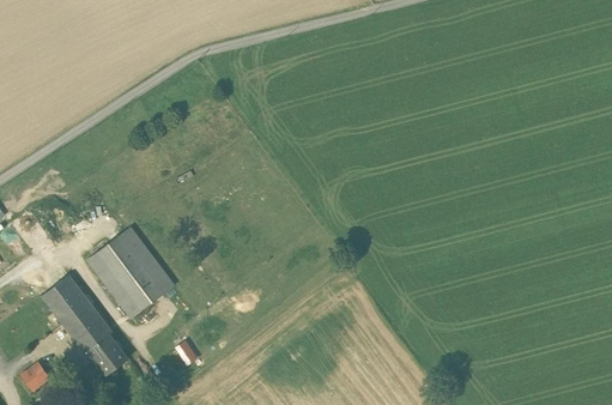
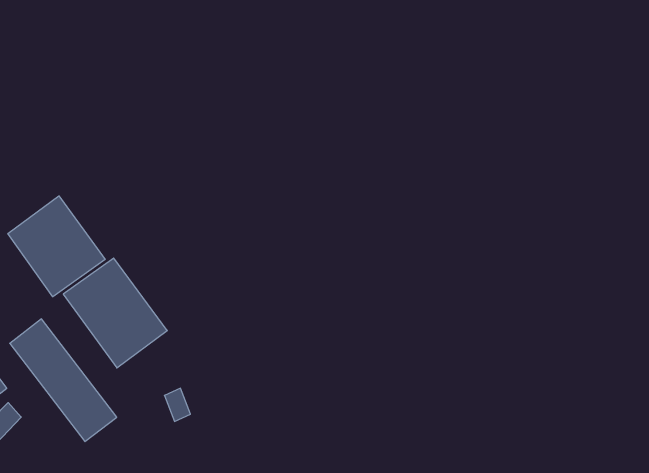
building: none -> [8,196,105,297]

